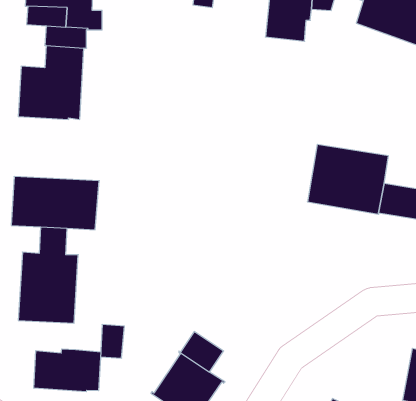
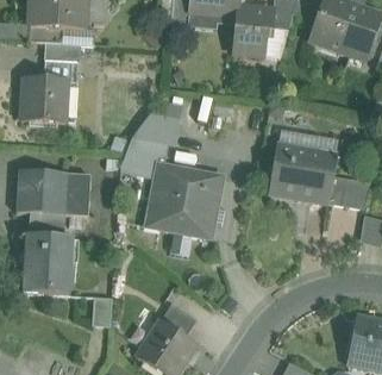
building: none -> [151,163,223,237]
building: [34,349,101,392] -> none

